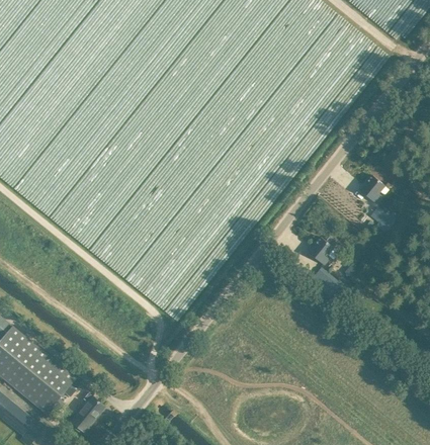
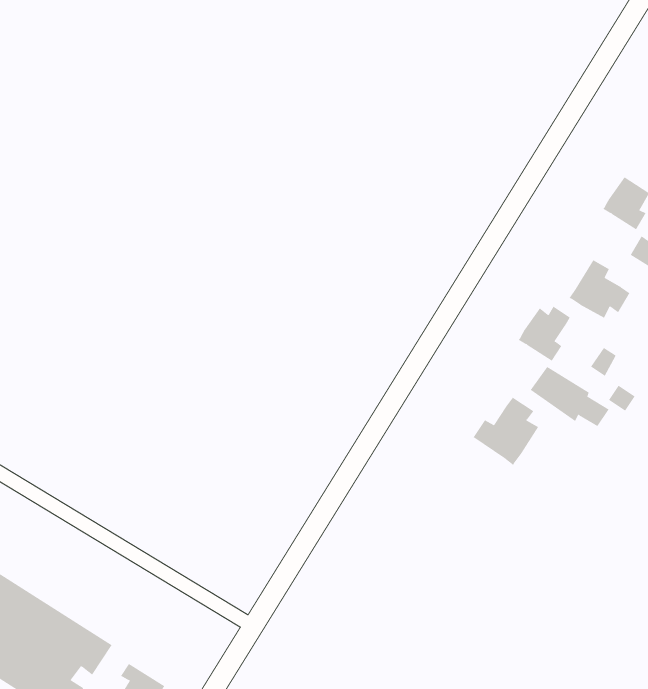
building: none -> [569,259,630,319]
building: none -> [473,397,539,466]

